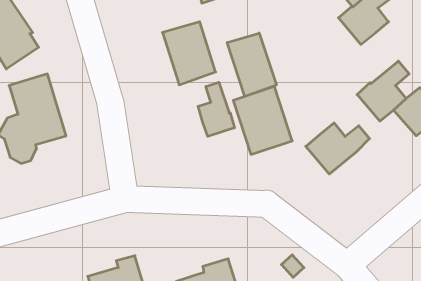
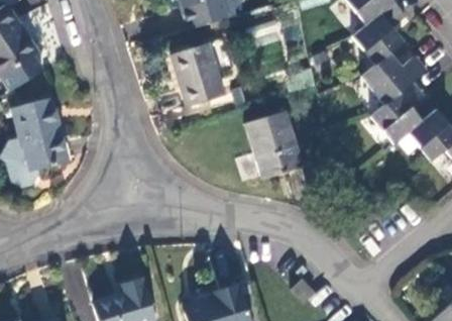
building: [227,33,276,96] -> none
building: [198,82,234,136] -> none
building: [306,123,370,174] -> [360,52,426,105]

